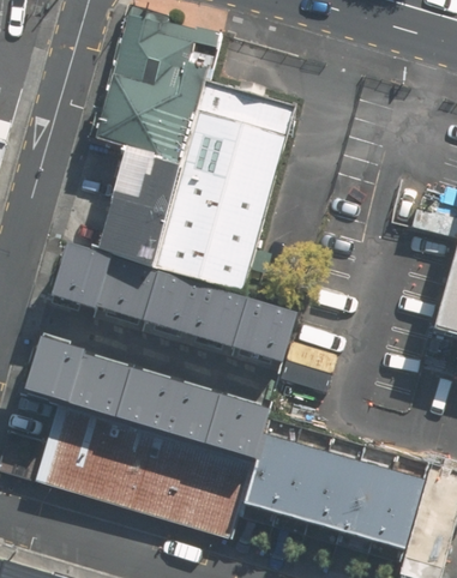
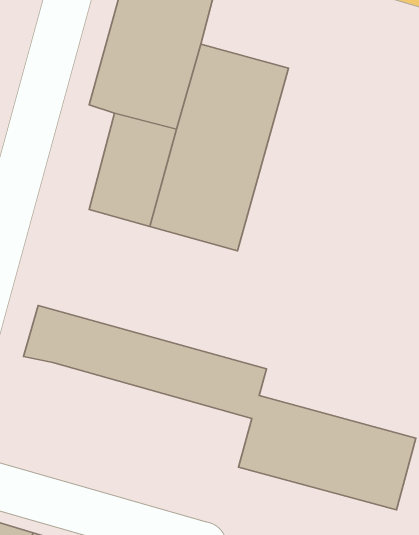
building: [58,248,297,363] -> none
building: [40,401,259,536] -> none

